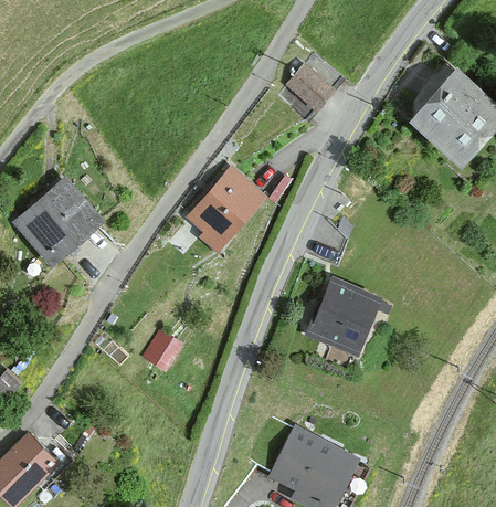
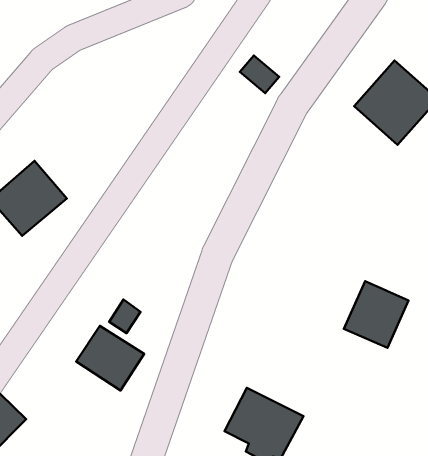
building: [189,170,261,250] -> none
building: [307,279,378,352] -> [344,281,409,348]
building: none -> [76,326,144,390]

